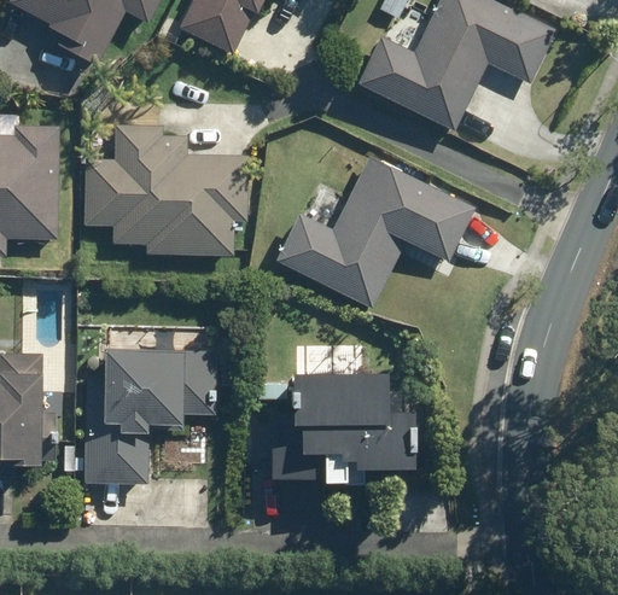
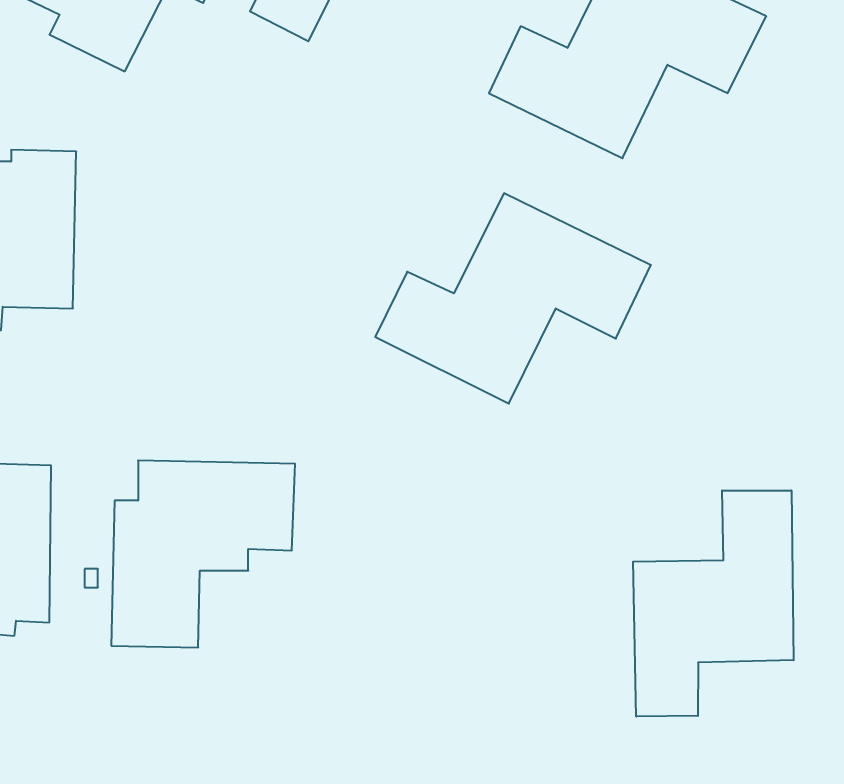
building: [99,140,247,239] -> none
building: none -> [633,490,794,717]
building: [269,373,415,483] -> none

